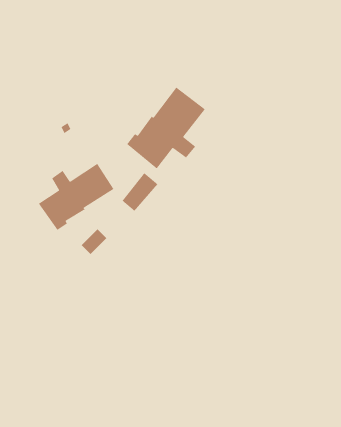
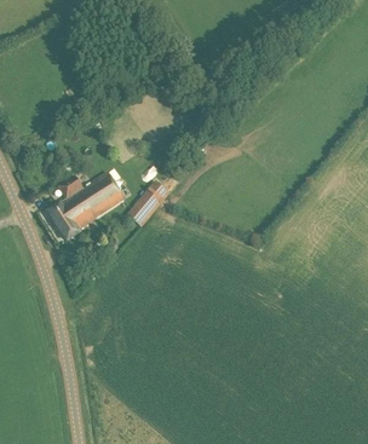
building: [126,86,206,169] -> none

